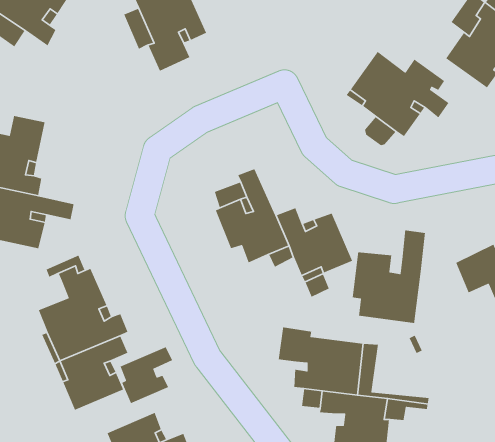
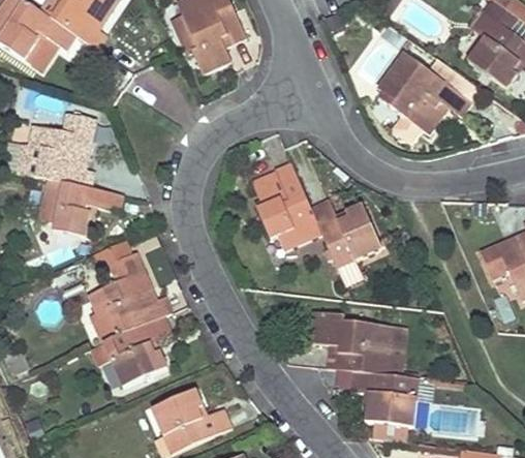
building: [352,230,426,324] -> none
building: [120,346,173,404] -> none

